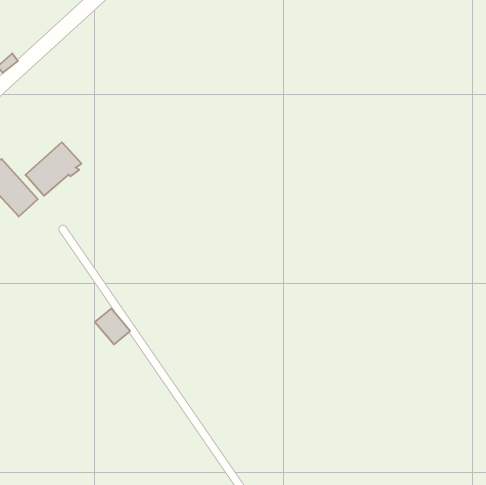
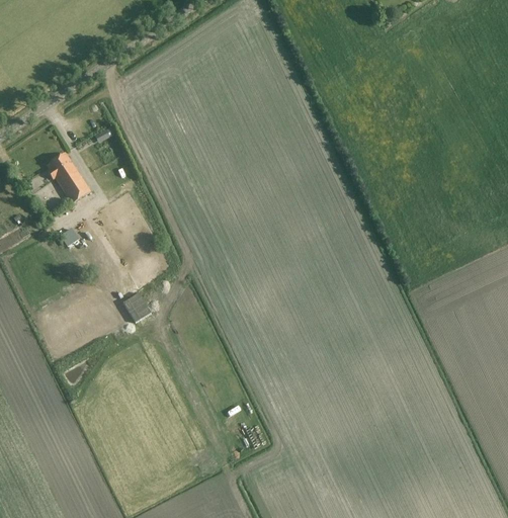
building: [25,142,81,196] -> none

